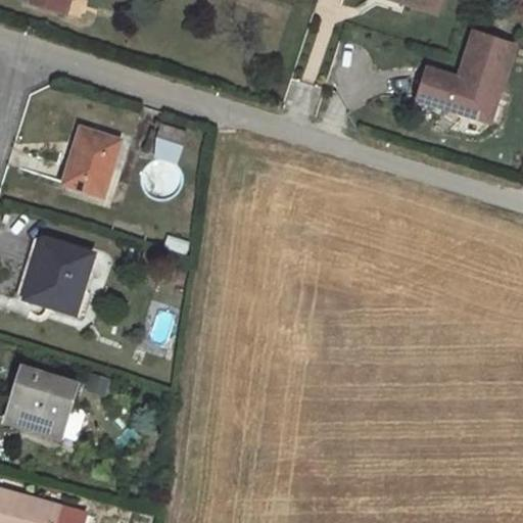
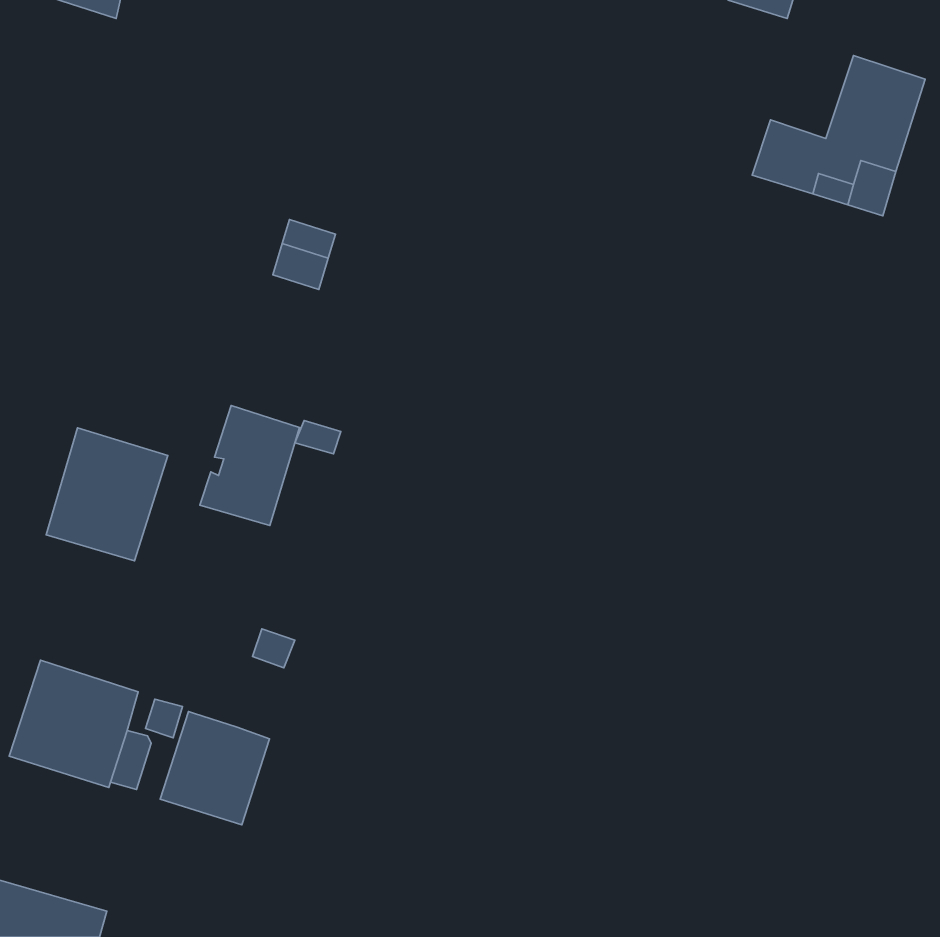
building: [63,127,118,193] -> [200,405,299,525]
building: none -> [160,712,270,825]

